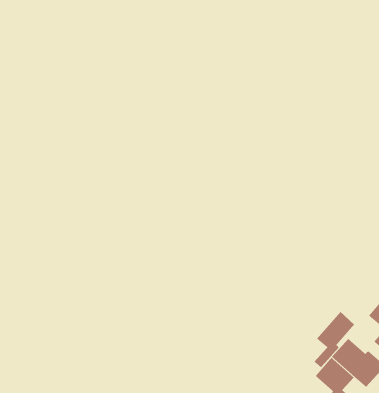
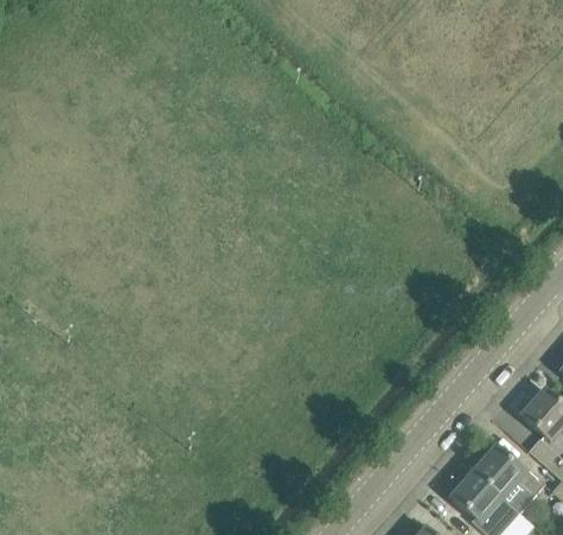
building: [313,311,355,368] -> none

